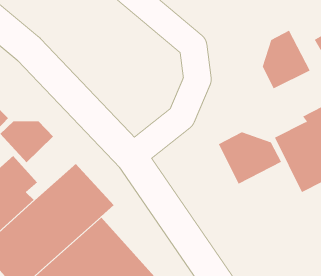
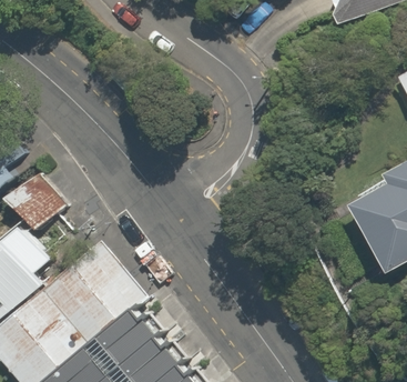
building: [262,30,310,89] -> none
building: [218,132,282,185] -> none

